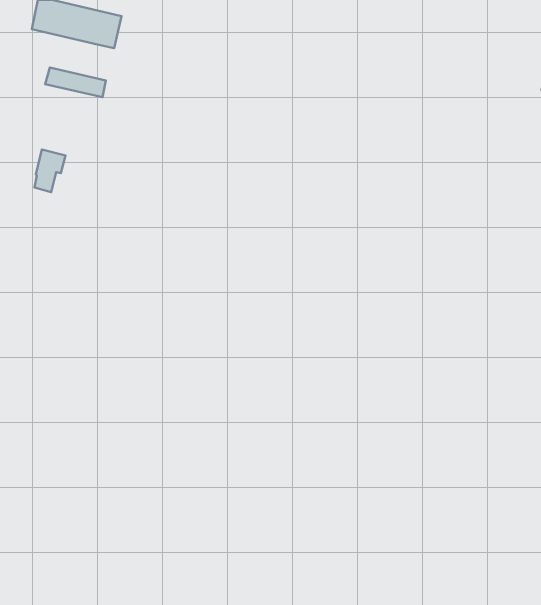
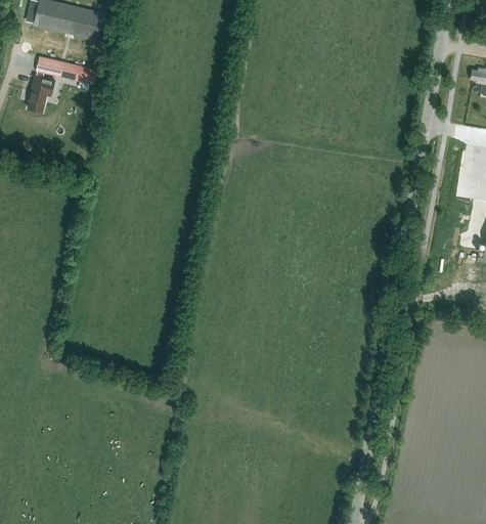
building: [35,149,66,192] -> [29,75,55,112]

